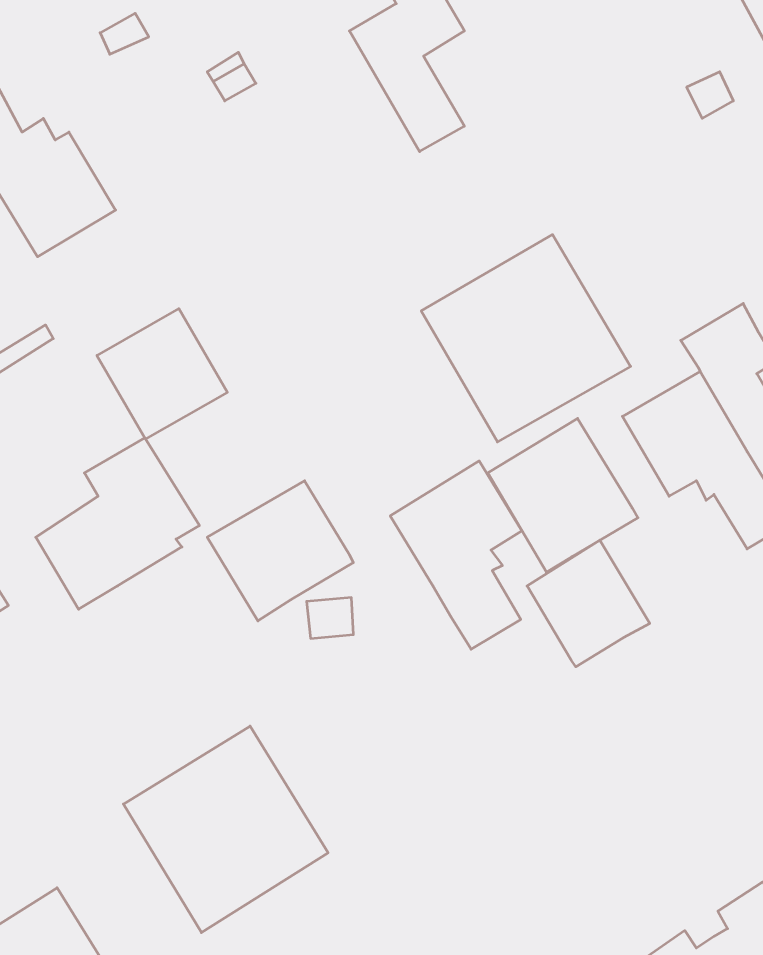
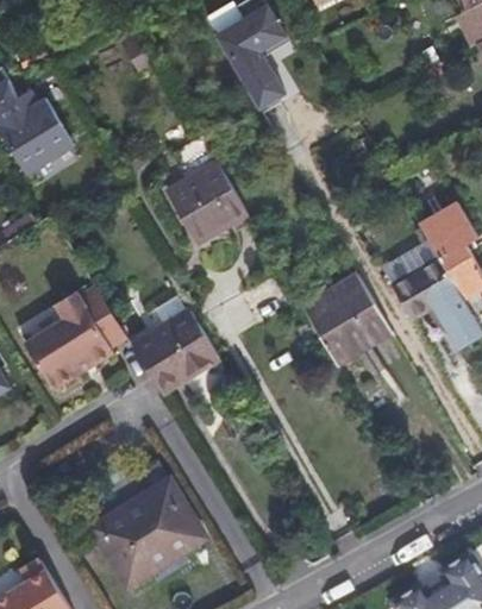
building: [421,235,631,442] -> none
building: [97,309,227,439] -> [167,163,246,243]
building: [390,461,522,649] -> none
building: [527,540,650,667] -> none

